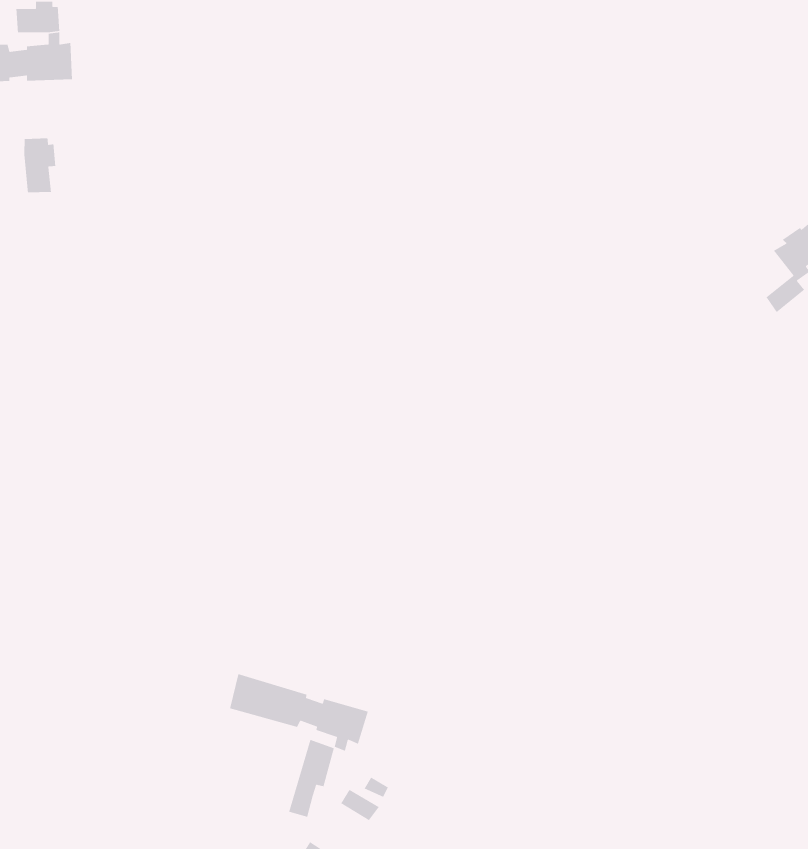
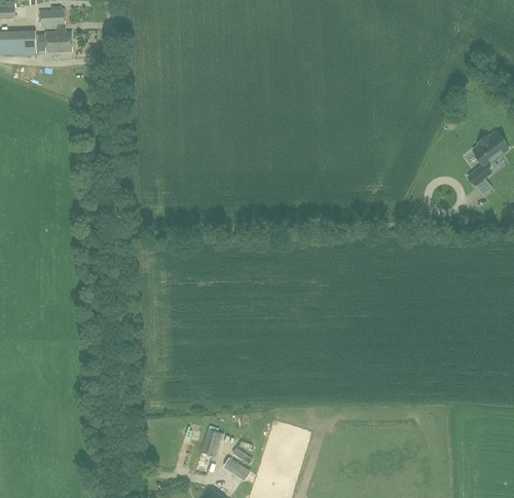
building: [24,137,56,193] -> none
building: [229,673,369,752] -> none

